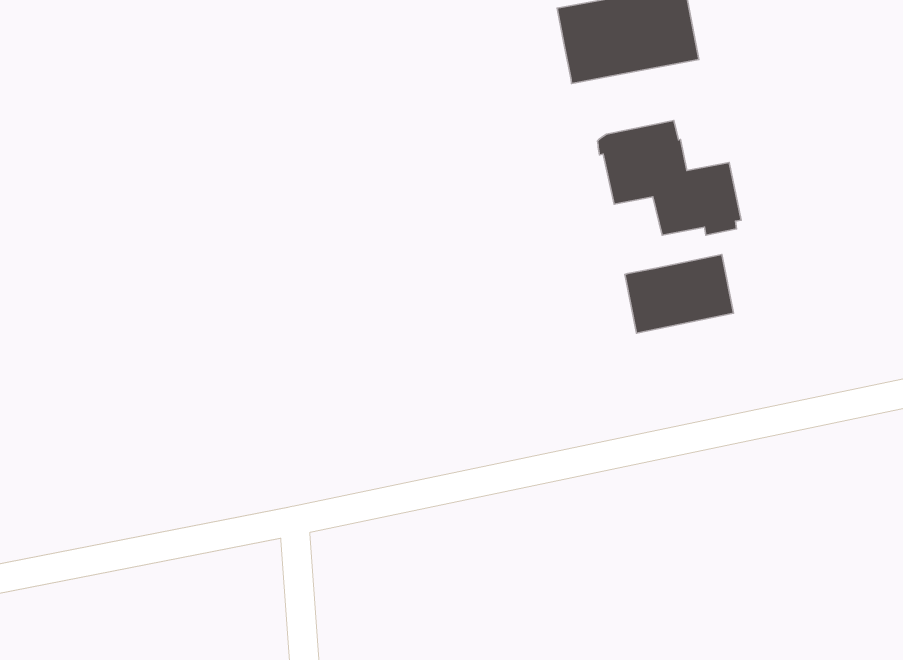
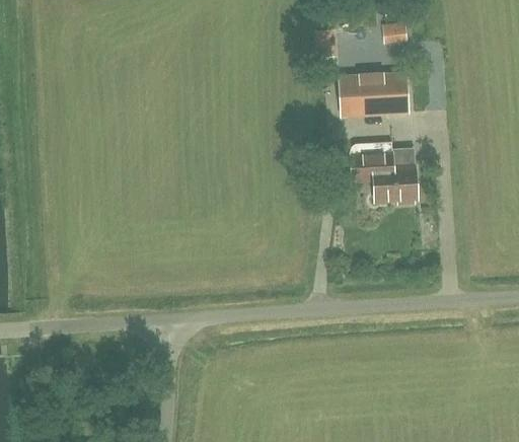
building: [625,254,734,333] -> none

